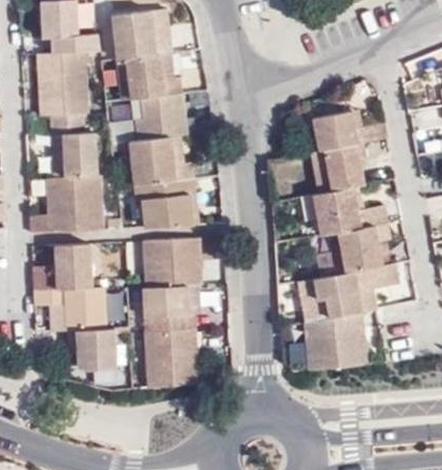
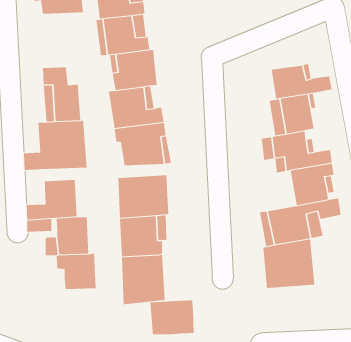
building: [37,53,87,116] -> none
building: none -> [150,299,194,335]

